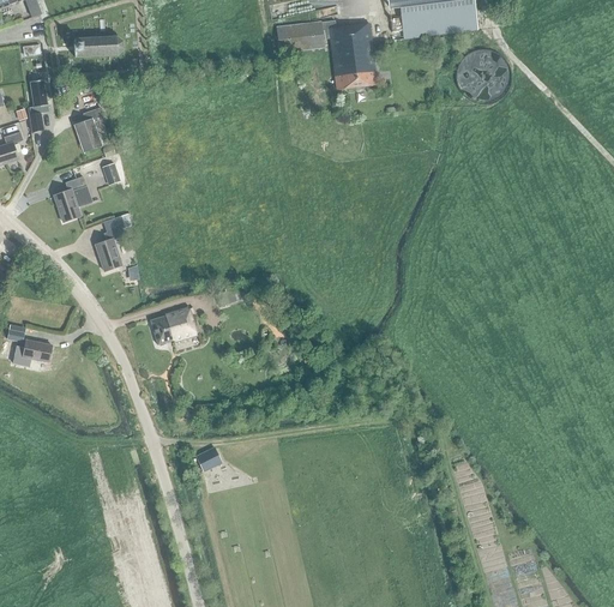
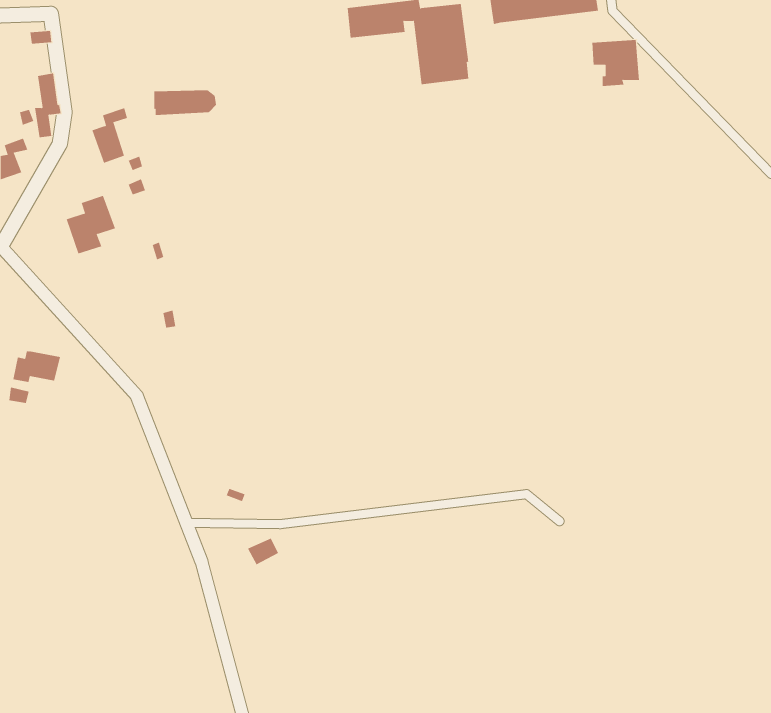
building: [73,36,124,56] -> [153,90,217,115]
building: [95,227,124,270] -> none
building: [150,305,197,344] -> none
building: [14,338,53,363] -> [13,351,61,383]

